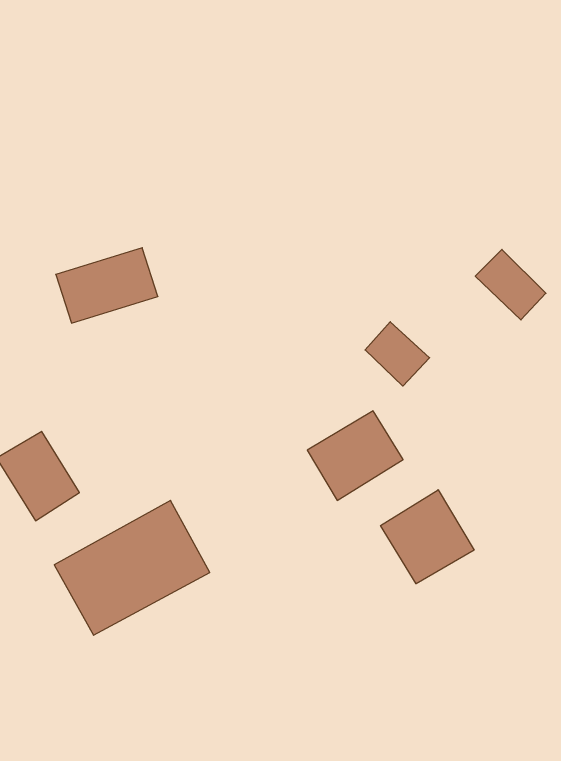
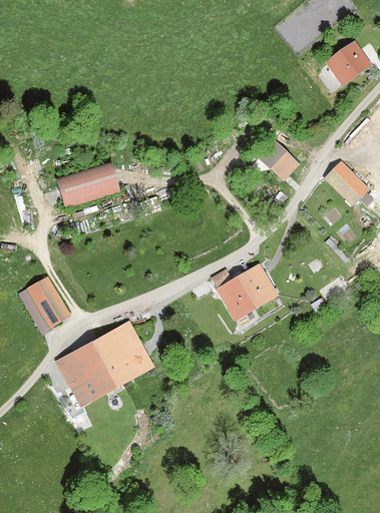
building: none -> [327,40,372,84]
building: [365,322,430,386] -> [259,140,300,181]
building: [381,490,474,584] -> none

